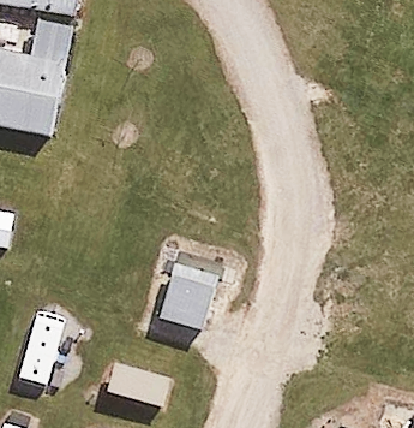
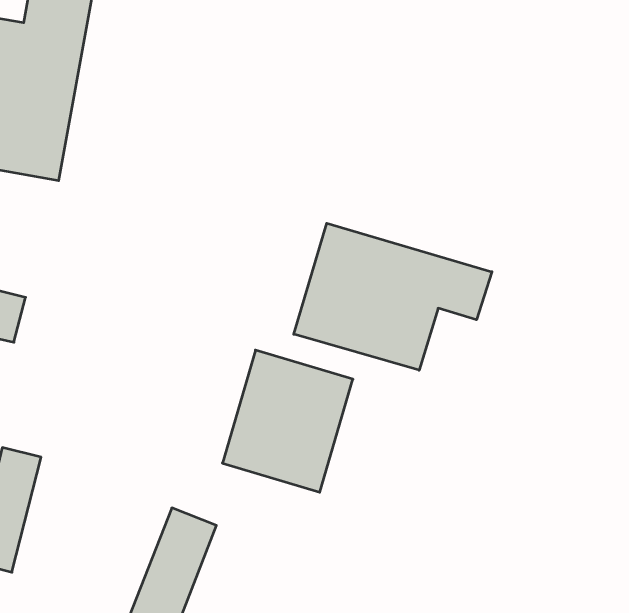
building: none -> [294,223,492,370]

